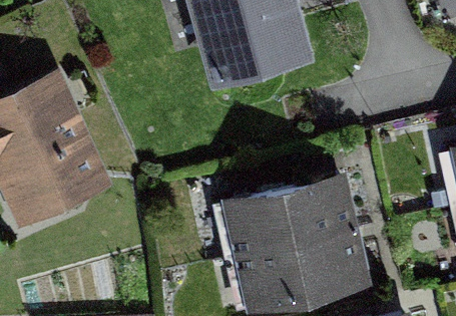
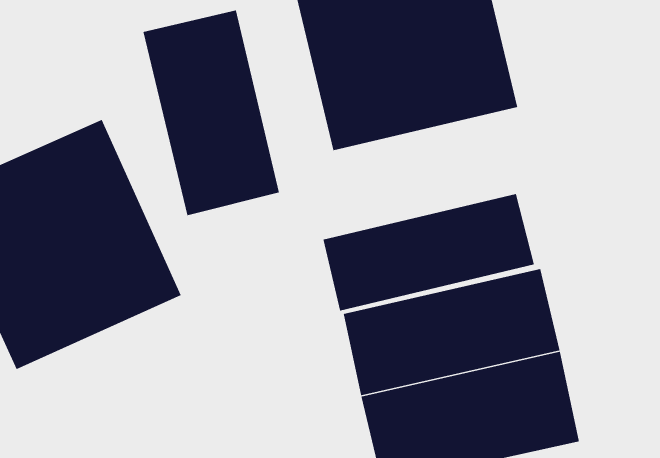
building: none -> [143,10,280,216]
building: none -> [323,193,535,312]

